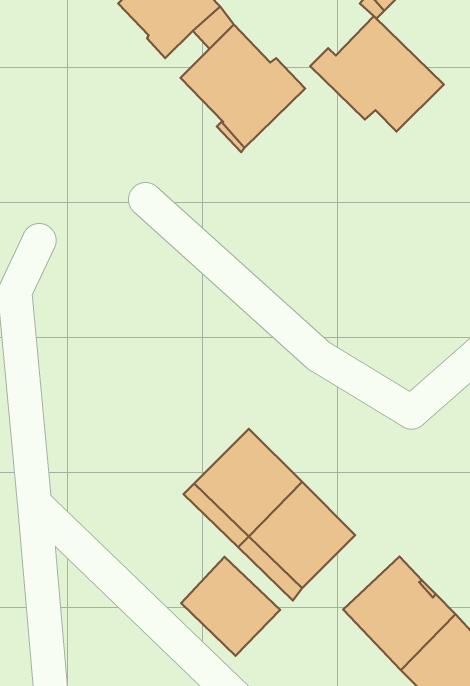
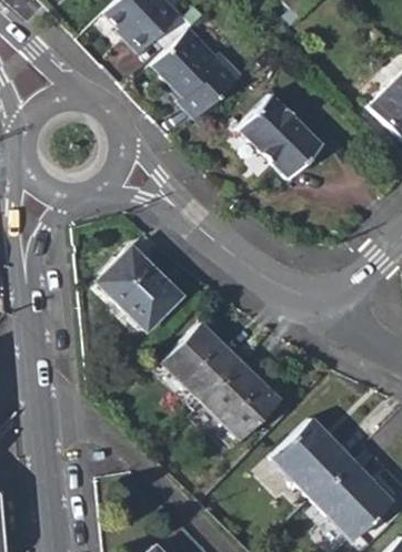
building: [310,16,444,132] -> [225,95,323,180]
building: none -> [96,246,181,333]
building: [181,557,280,656] -> none

